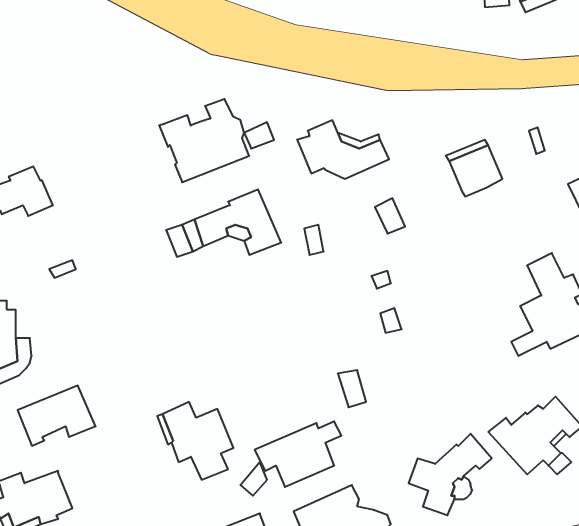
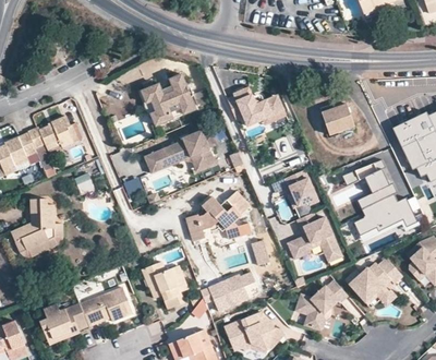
building: none -> [286,169,319,207]
building: none -> [186,192,250,241]
building: none -> [289,212,340,259]
building: [18,386,96,446] -> [80,289,128,326]

